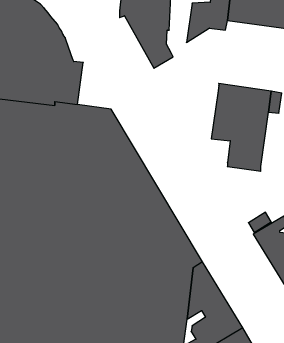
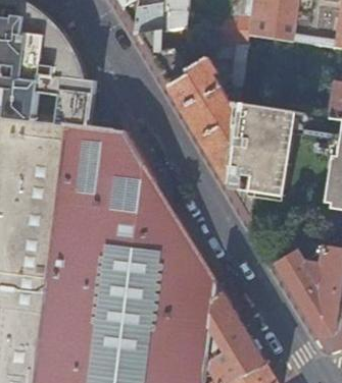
building: none -> [172,45,248,185]

